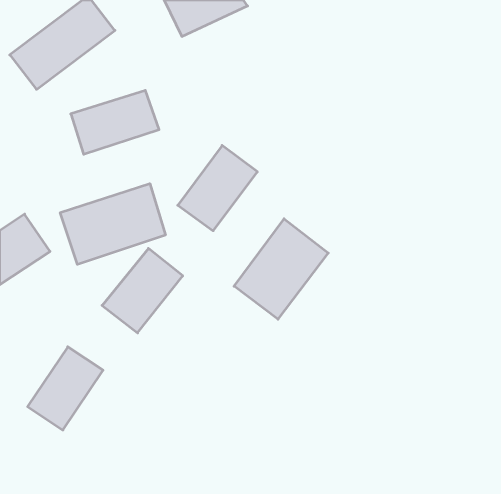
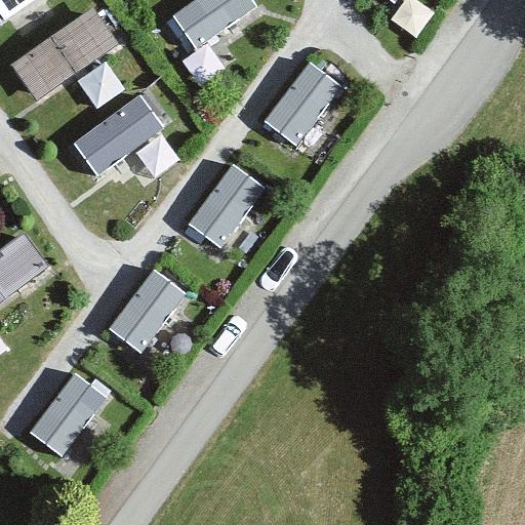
building: none -> [260,58,342,149]
building: [60,184,165,264] -> none
building: [234,219,328,319] -> none

